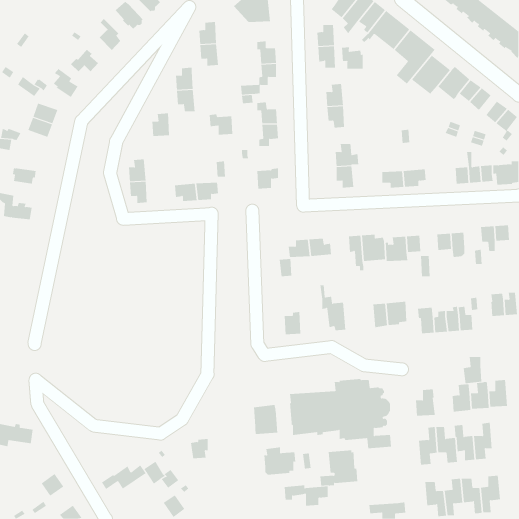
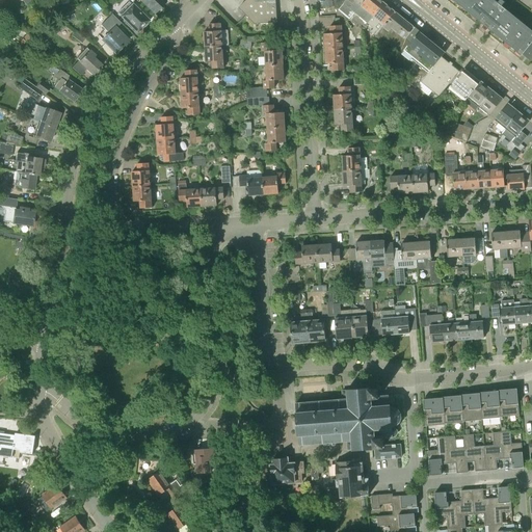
building: [342,46,363,70] -> none
building: [209,114,233,135] -> [238,172,263,194]
building: none -> [156,138,183,160]
building: none -> [16,153,41,175]
building: none -> [444,154,466,189]
building: none -> [351,299,372,337]
building: none -> [305,310,325,341]
building: [463,356,482,384] -> [443,395,462,423]
building: [253,404,278,435] -> none
building: none -> [501,430,523,468]
building: [101,464,146,490] -> none
building: [284,485,328,506] -> [370,493,416,514]

